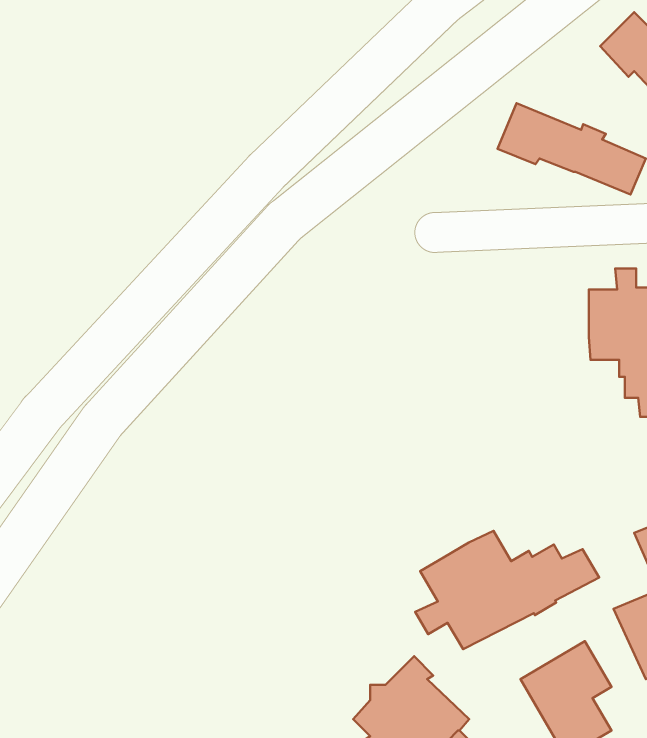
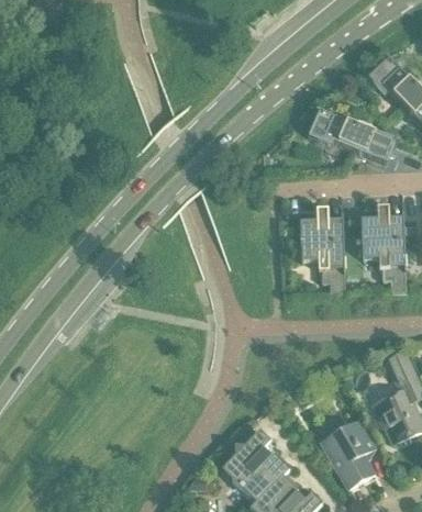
building: none -> [299,207,345,293]
building: [415,531,599,649] -> none

